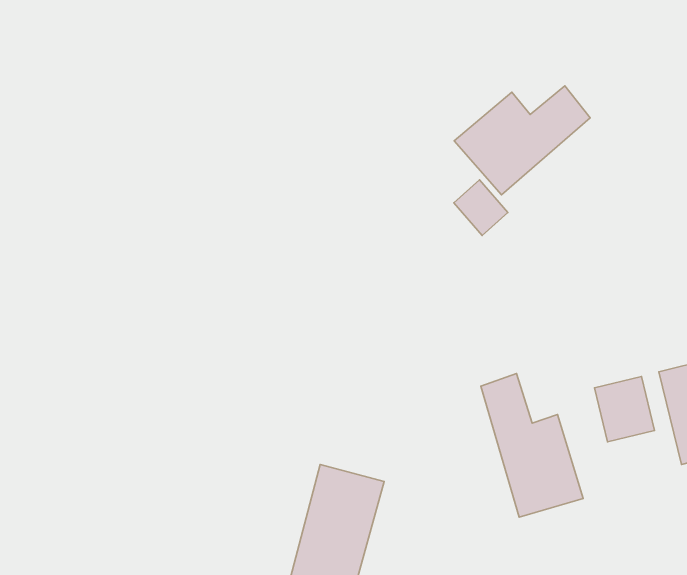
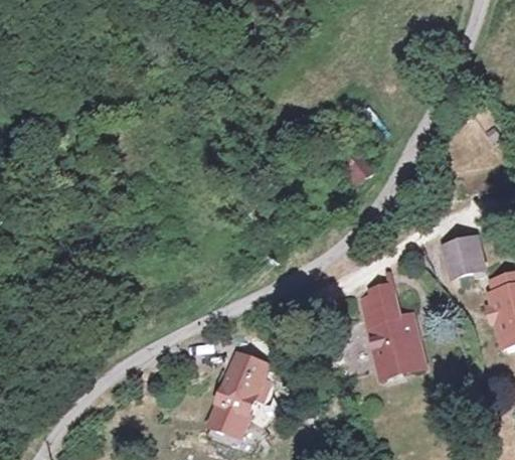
building: [454,86,590,195] -> none
building: [595,377,654,442] -> [441,228,483,275]

